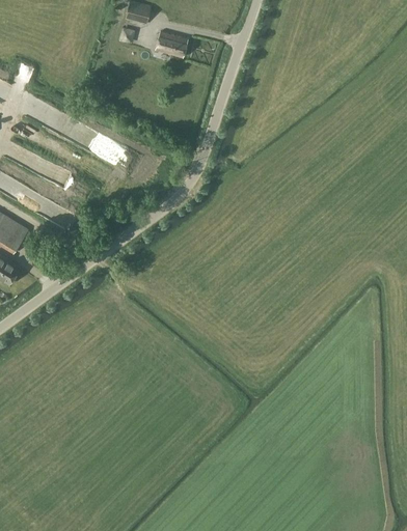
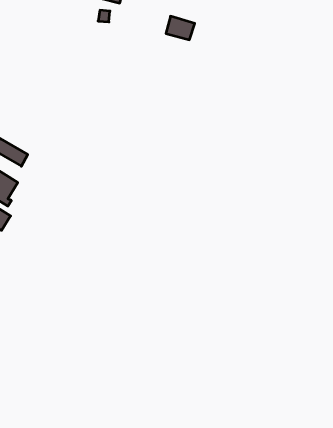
building: [155,30,188,57] -> [166,16,195,40]

